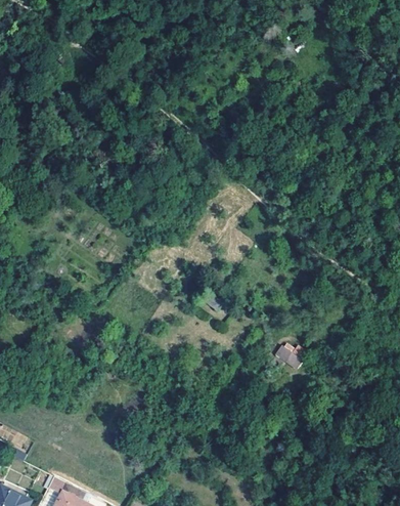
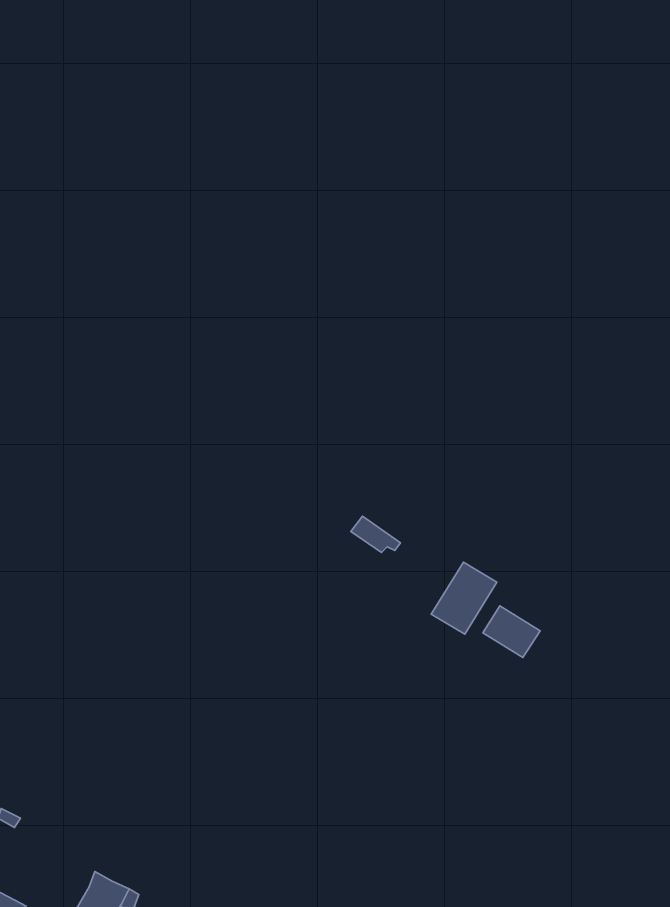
building: none -> [431,562,497,634]

